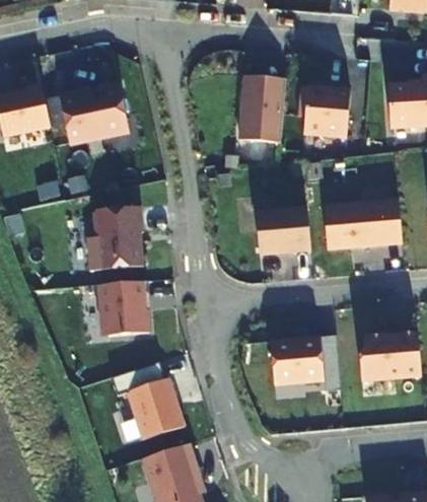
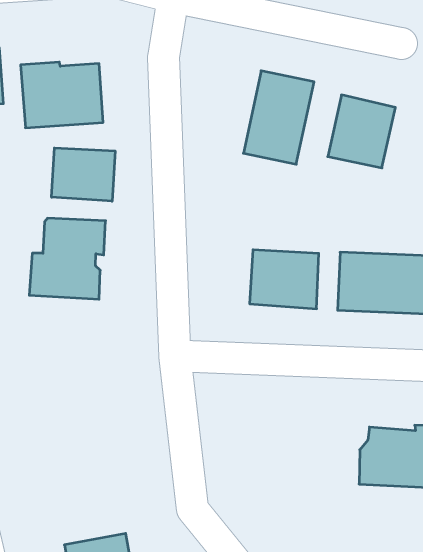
building: none -> [52,148,115,201]
building: [98,282,148,337] -> none
building: [269,339,340,391] -> none
building: [126,379,184,441] -> none

